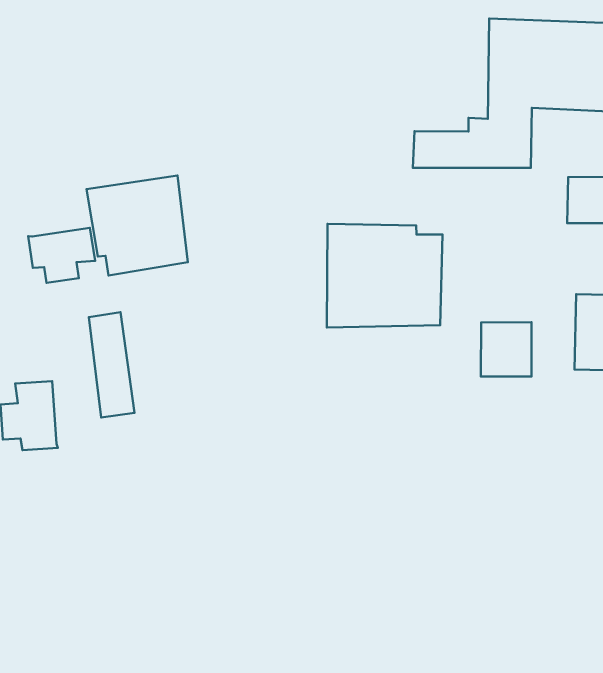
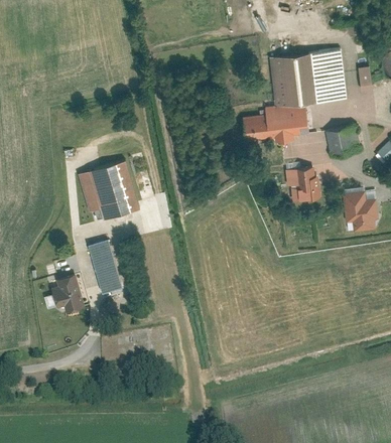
building: [327,224,442,327] -> none
building: [28,228,95,283] -> none
building: [481,322,532,377] -> [287,167,317,199]

